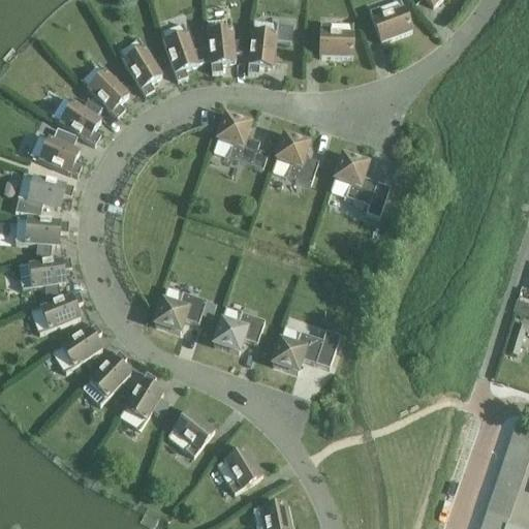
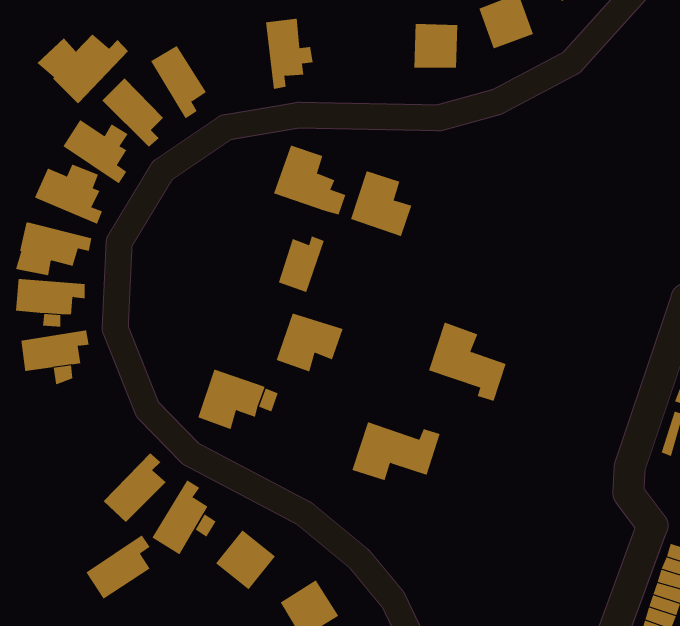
building: [247,20,291,73] -> none
building: [160,23,197,80] -> none
building: none -> [37,33,129,104]
building: [330,154,390,215] -> [428,322,506,401]
building: none -> [278,236,324,293]
building: [30,291,83,333] -> none
building: [213,307,264,352] -> [276,313,343,372]
building: [52,322,101,372] -> [86,535,150,599]

